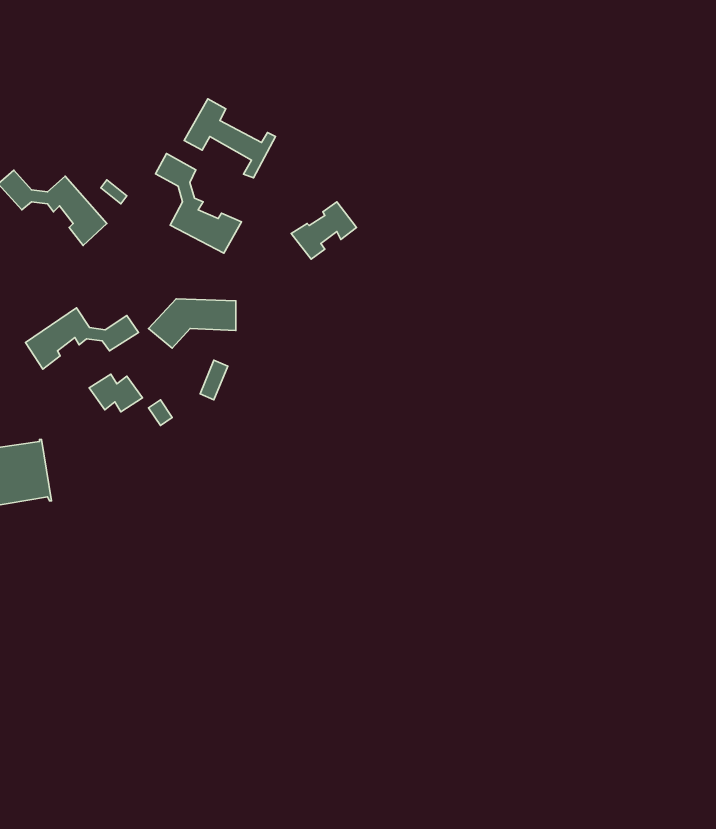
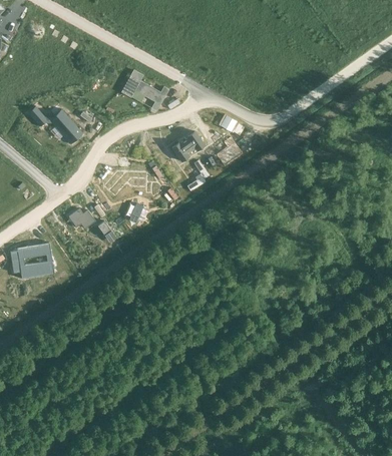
building: [155,153,241,253] -> none
building: [26,308,138,369] -> none

